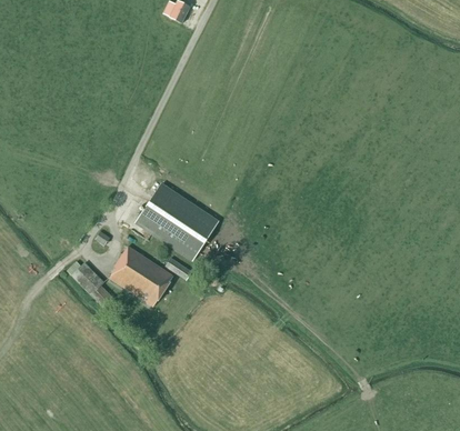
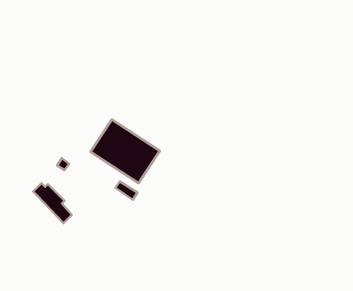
building: [109,245,173,305] -> none

